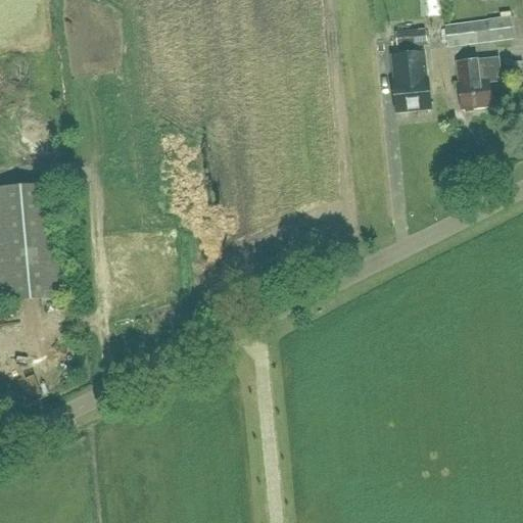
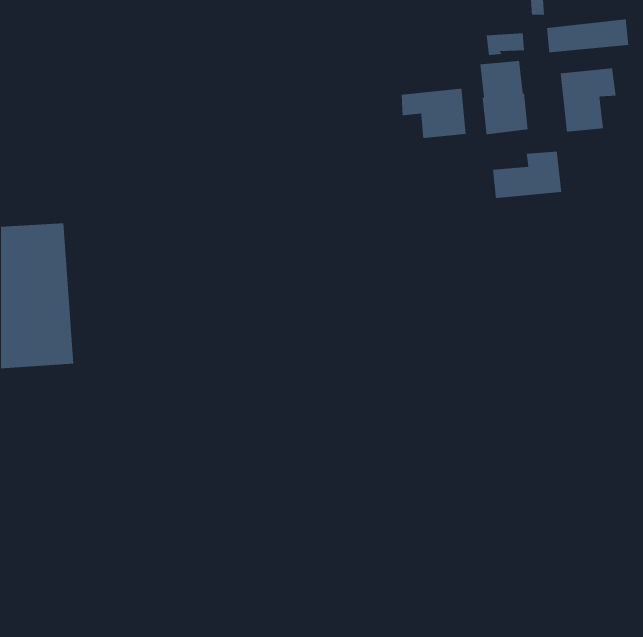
building: none -> [401,88,466,139]
building: none -> [492,151,562,199]

